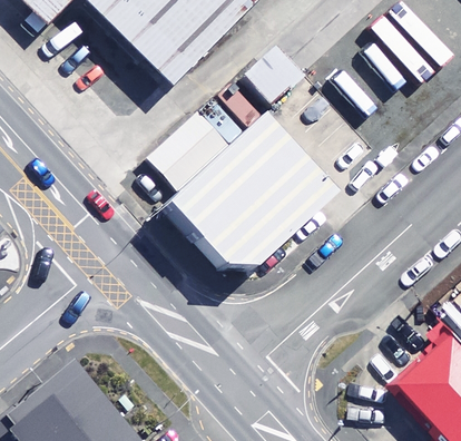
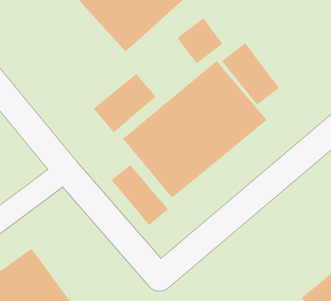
building: none -> [221,43,280,106]
building: none -> [111,164,169,226]

